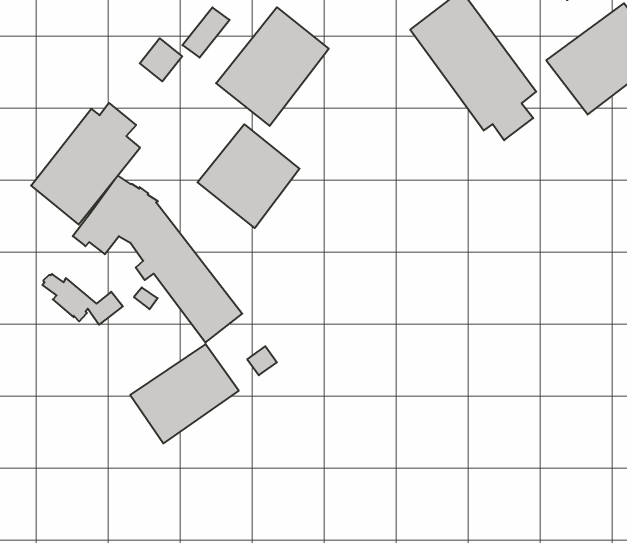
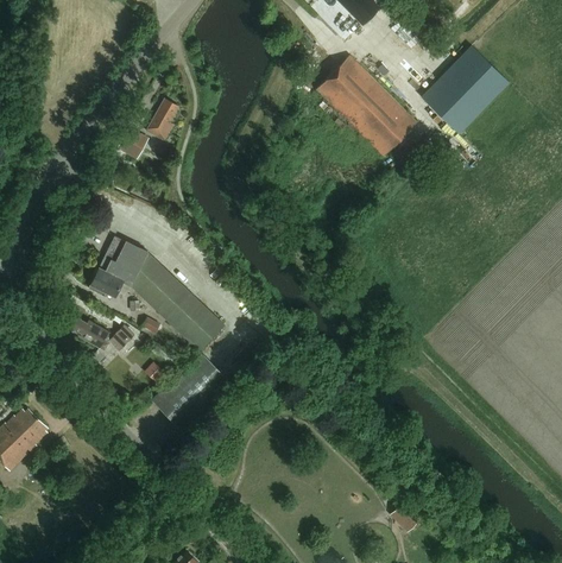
building: [216,7,329,126] -> none
building: [31,103,140,225] -> none
building: [197,124,300,228] -> none

